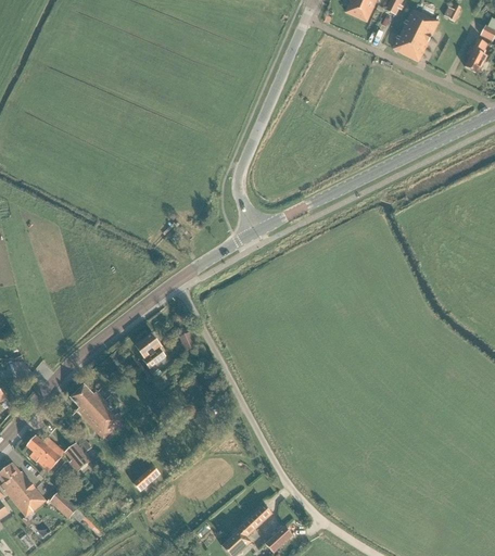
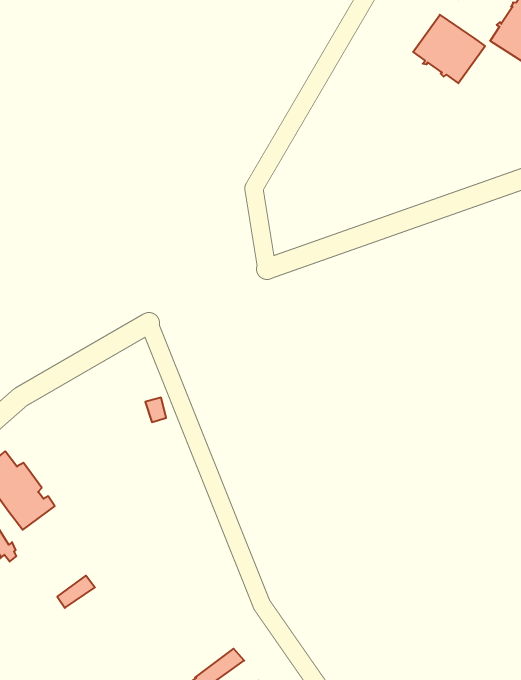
building: none -> [413,15,485,83]
building: [136,333,165,368] -> none

